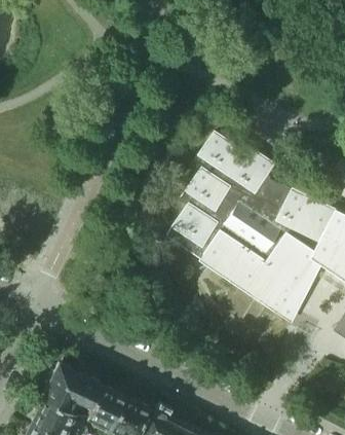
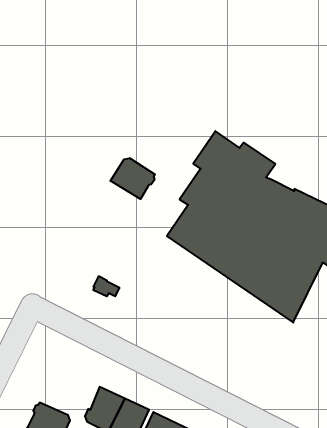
building: none -> [110,158,155,199]
building: [44,367,103,412] -> none

